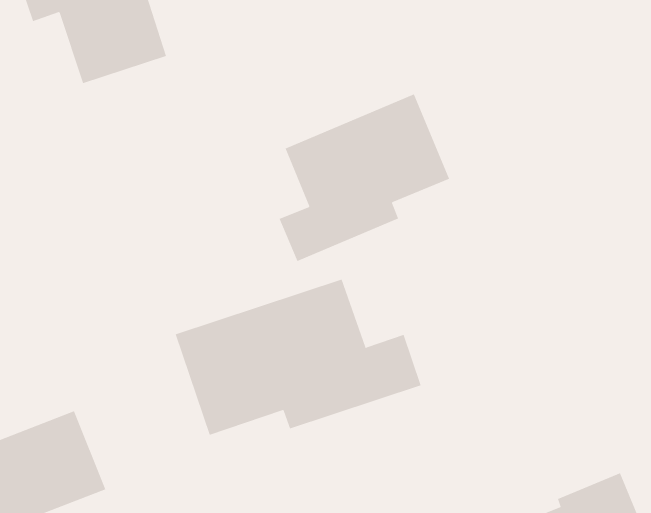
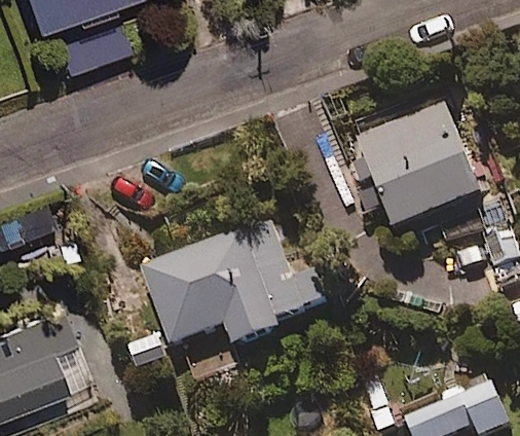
building: [279,94,450,262] -> none
building: none -> [357,101,480,223]

